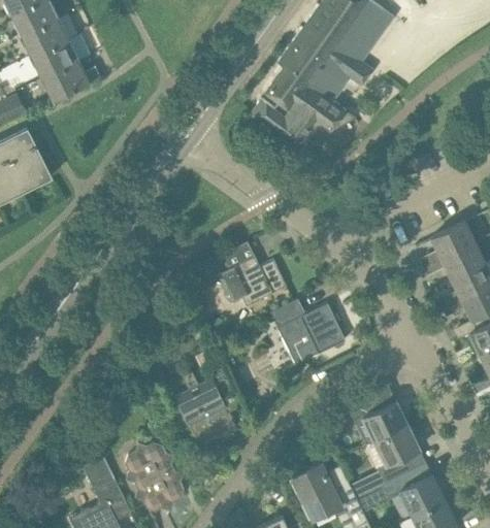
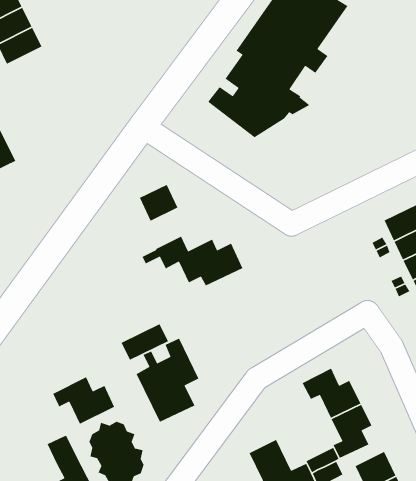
building: [41,59,90,100] -> none
building: none -> [139,184,178,222]
building: [270,299,345,364] -> none
building: none -> [120,323,169,361]
building: none -> [52,376,115,425]

